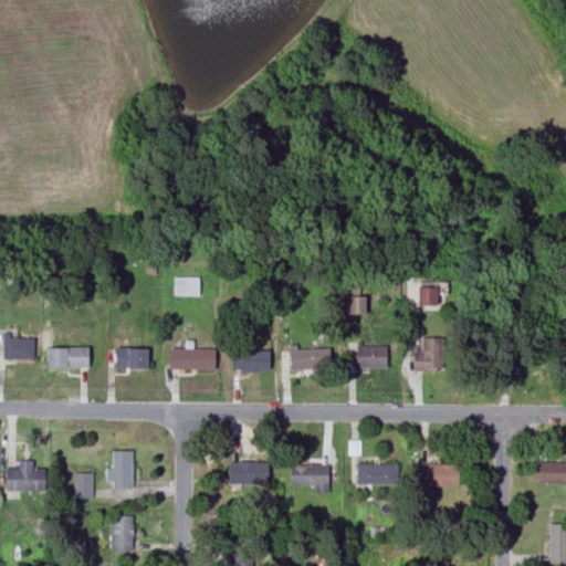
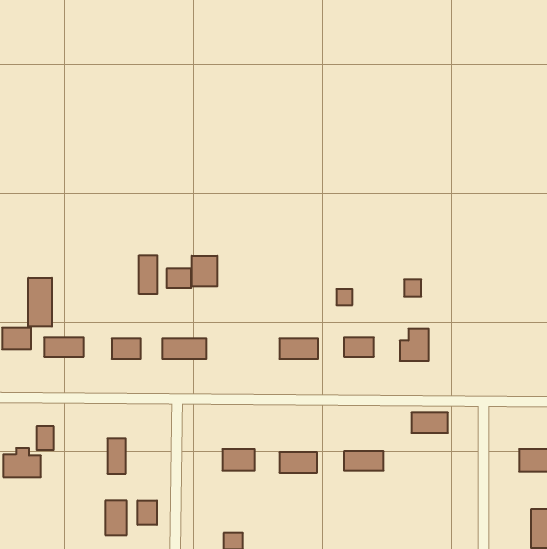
building: none -> [139,255,157,294]
building: none -> [192,256,217,286]
building: none -> [28,278,52,327]
building: [231,350,275,370] -> none
building: [421,465,459,486] -> [411,413,448,433]
building: [74,473,92,497] -> [37,426,54,450]
building: none -> [138,500,157,525]

